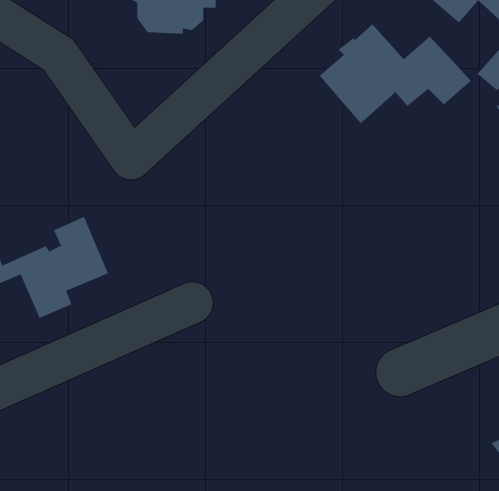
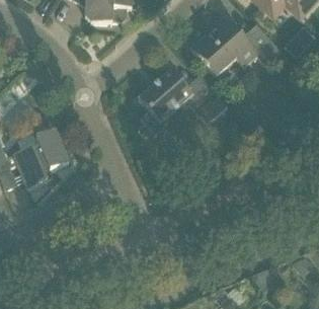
building: none -> [138,68,227,125]

